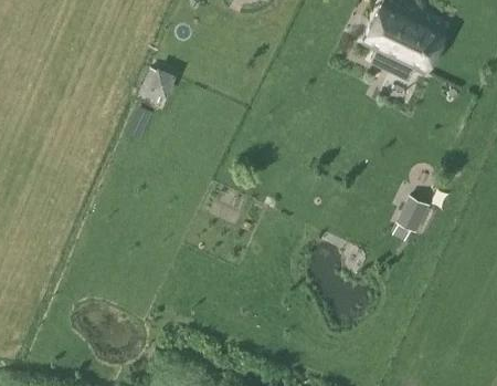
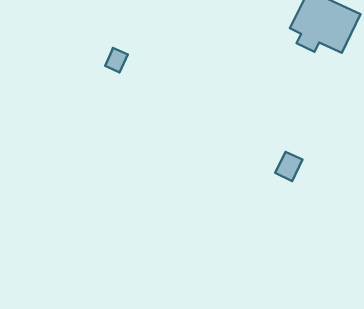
building: [395,197,427,231] -> [275,152,302,181]

